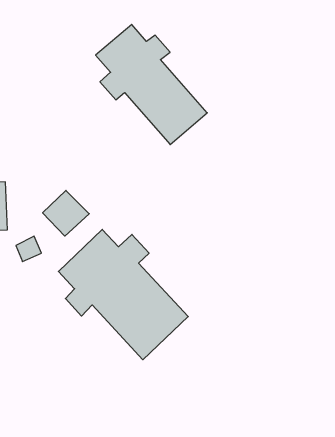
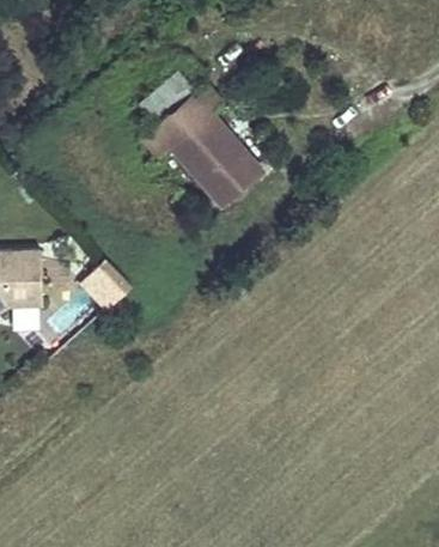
building: [58,229,188,360] -> none

